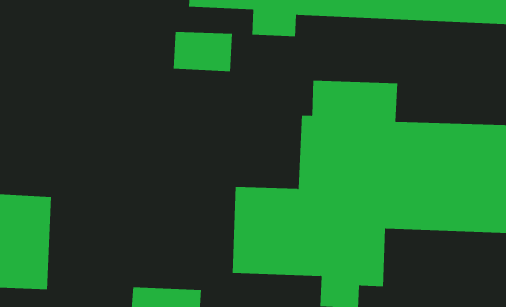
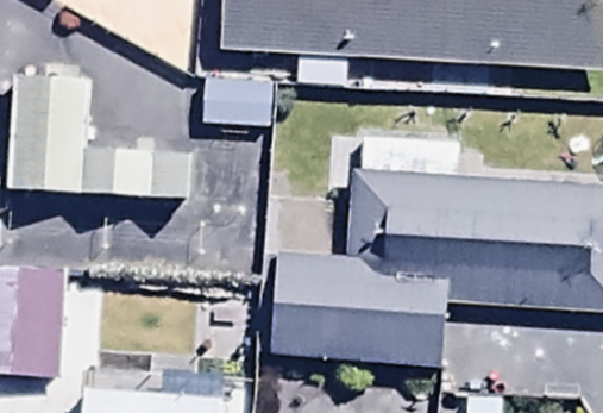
building: none -> [10,75,194,202]

